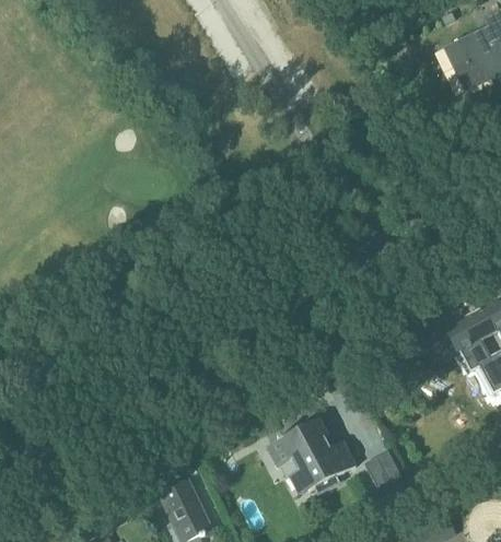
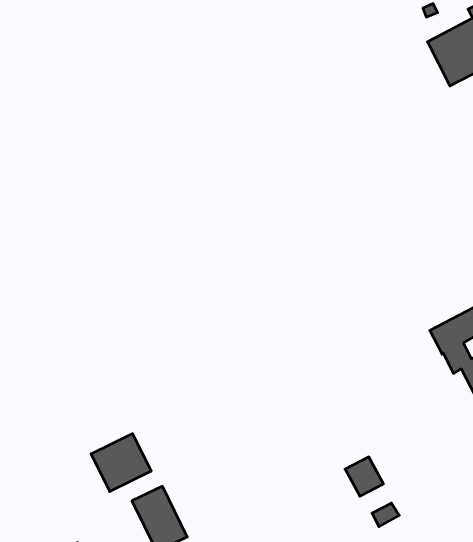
building: [266,419,356,491] -> none
building: none -> [91,434,151,492]

